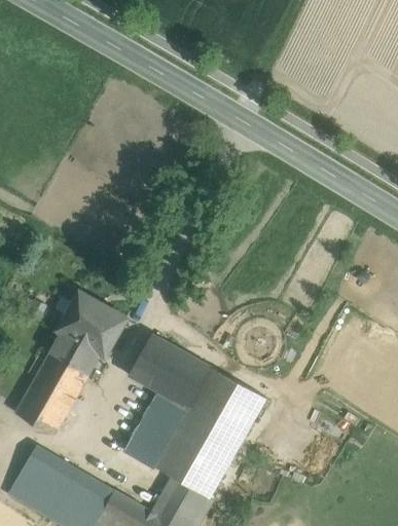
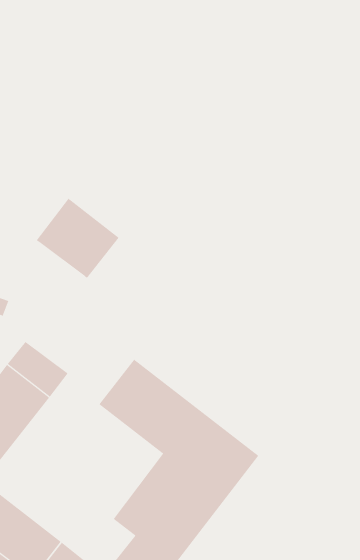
building: [57,292,124,355] -> [36,198,119,279]
building: [125,392,185,466] -> none

